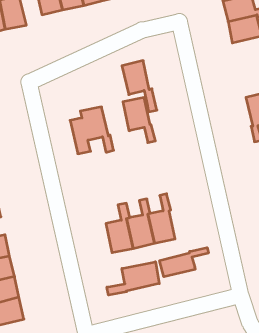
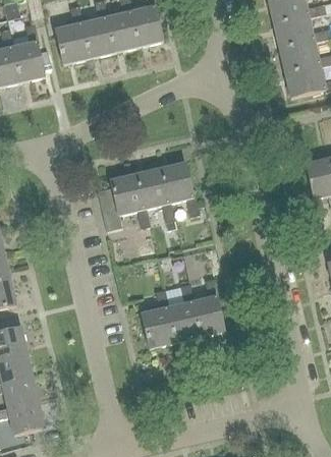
building: [122,61,157,112] -> [134,168,176,229]
building: [160,248,208,277] -> none
building: [107,262,159,295] -> none

